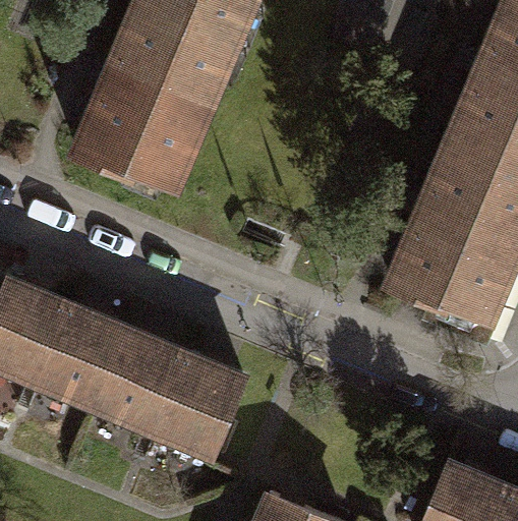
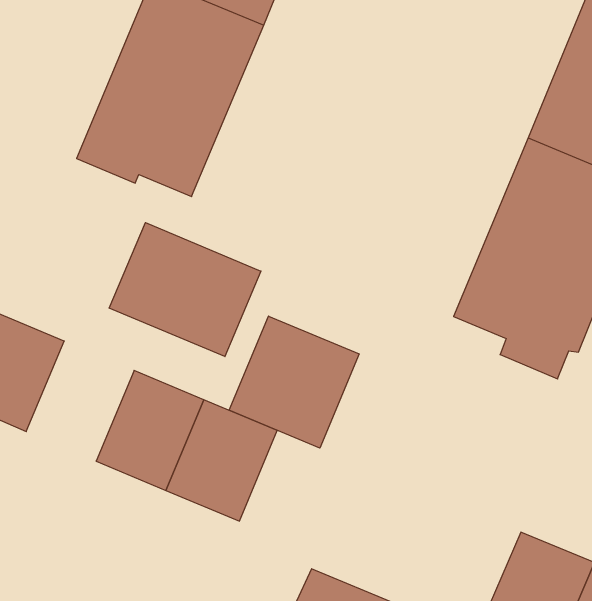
building: none -> [109,223,261,357]
building: none -> [229,316,359,448]
building: [37,303,126,403] -> none

